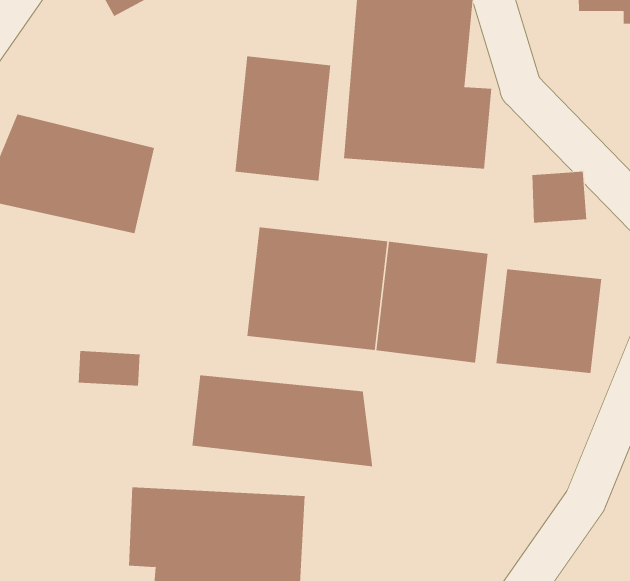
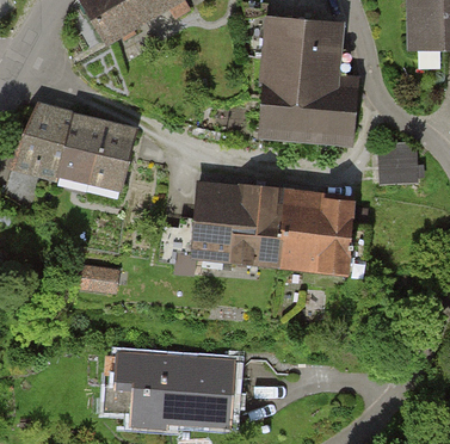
building: [235,55,331,181] -> none
building: [496,269,602,374] -> none
building: [192,375,373,467] -> none

